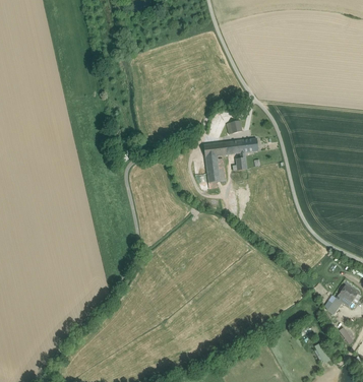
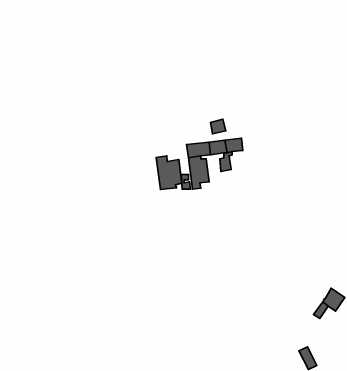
building: none -> [156,156,182,189]

